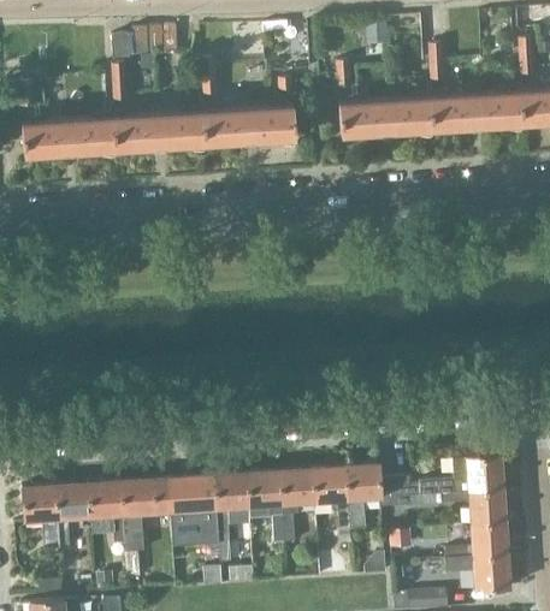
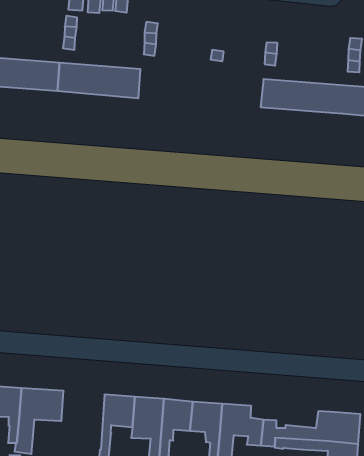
building: [203,107,296,146] -> none
building: [170,477,220,540] -> none

